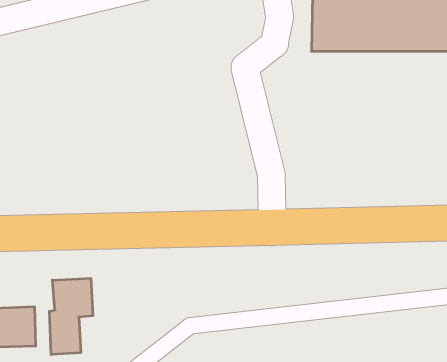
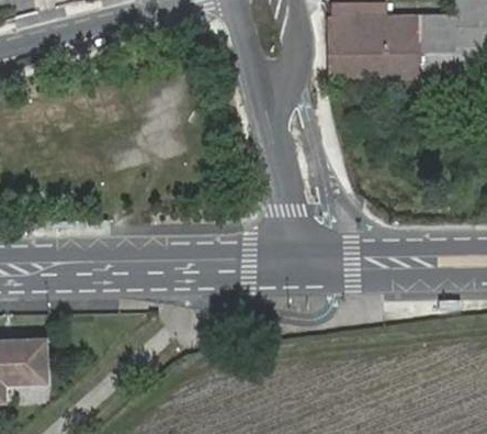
building: [49,278,93,355] -> none

